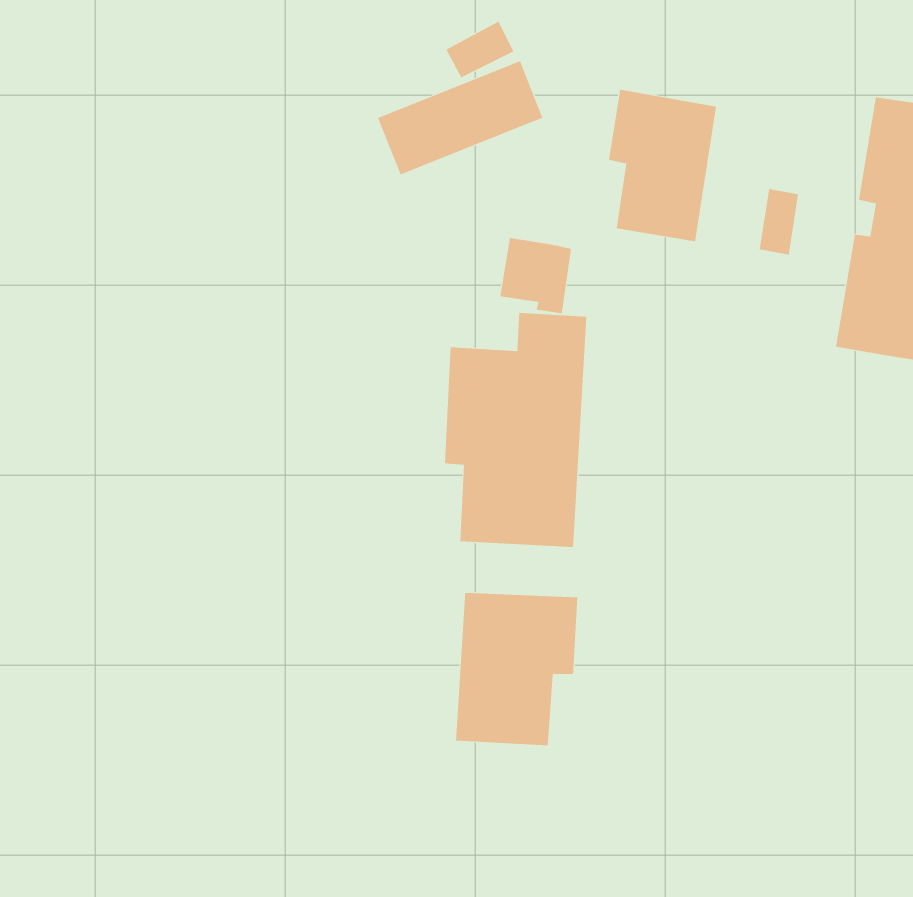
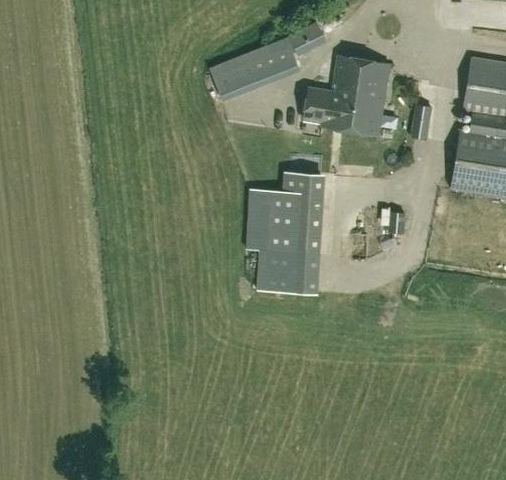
building: [446,21,514,78] -> [290,23,326,53]
building: [499,237,572,314] -> [304,87,342,127]
building: [455,592,578,746] -> none

